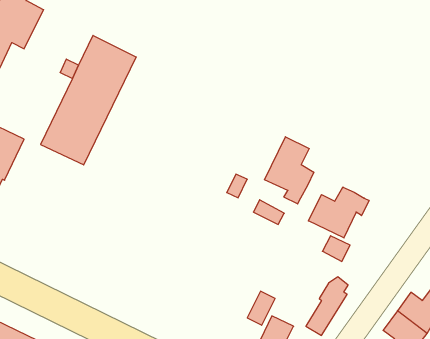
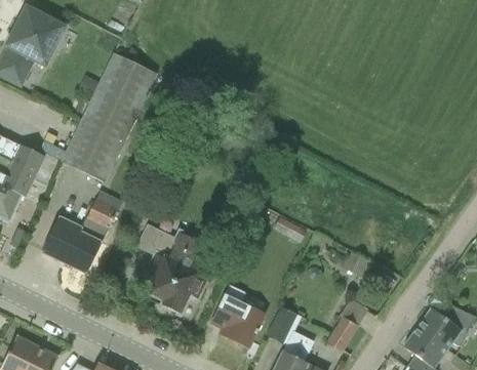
building: [265,137,314,204] -> none
building: none -> [41,199,117,273]
building: [308,187,369,238] -> none
building: none -> [137,224,206,313]
building: none -> [212,287,266,348]

